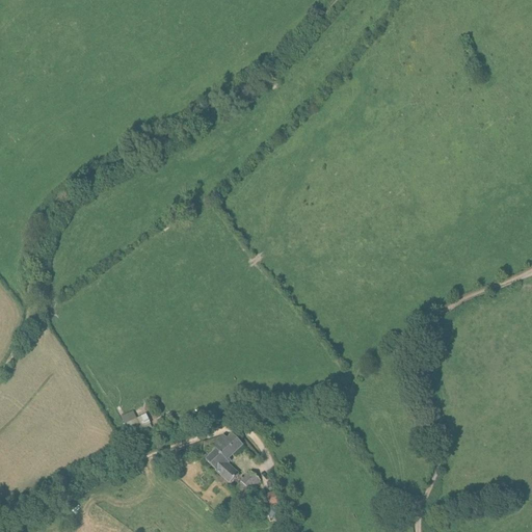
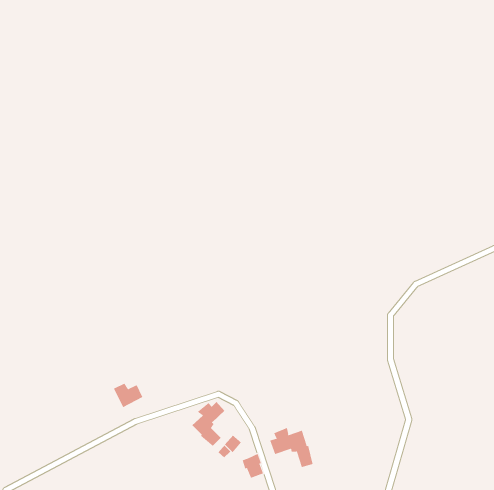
building: none -> [269,427,313,468]

